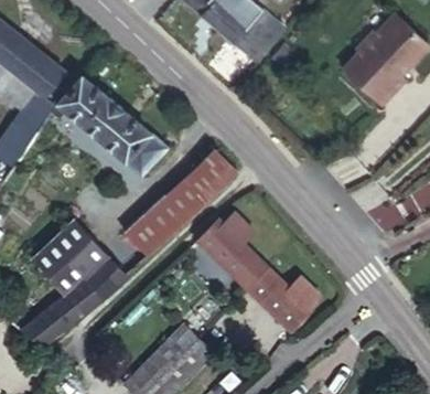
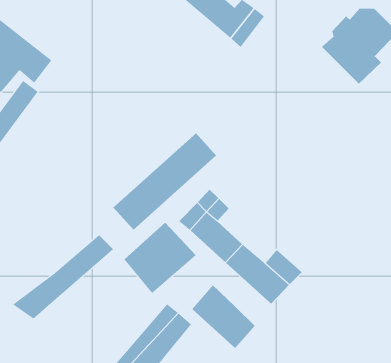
building: [44,78,165,178] -> none
building: [35,221,112,297] -> [124,222,197,294]
building: none -> [191,285,256,349]

